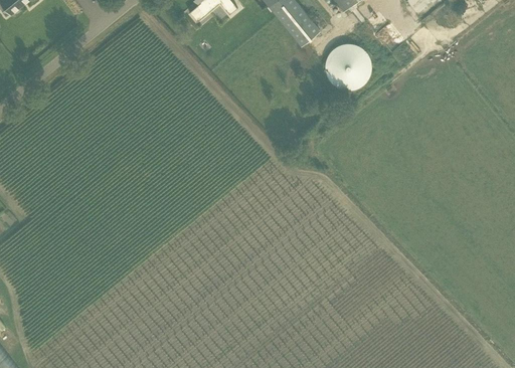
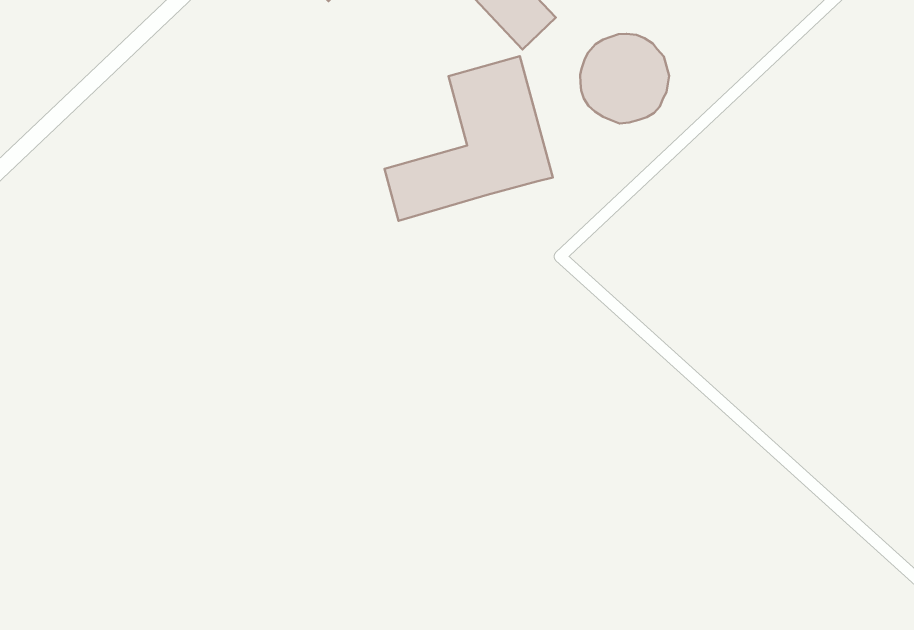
building: none -> [385,56,553,221]

